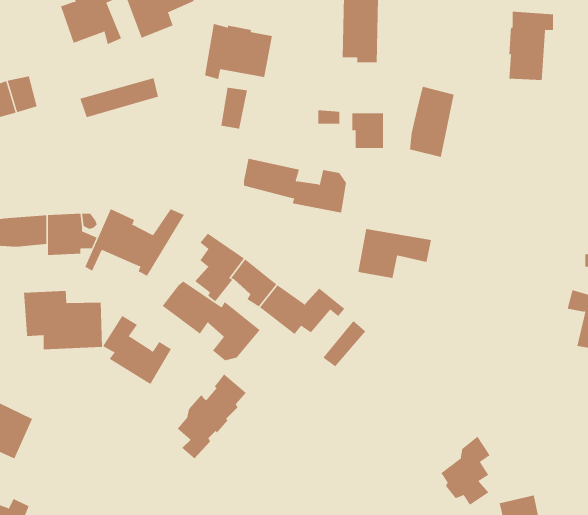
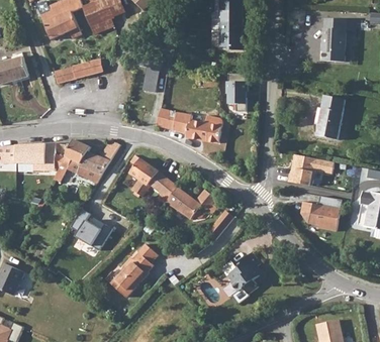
building: [205,23,272,80] -> none
building: [409,86,454,158] -> [316,94,345,138]
building: [358,228,432,279] -> [287,153,334,185]
building: [162,280,261,361] -> none
building: [24,290,102,350] -> none
building: none -> [298,201,340,230]
building: [440,436,491,505] -> [228,251,260,295]

